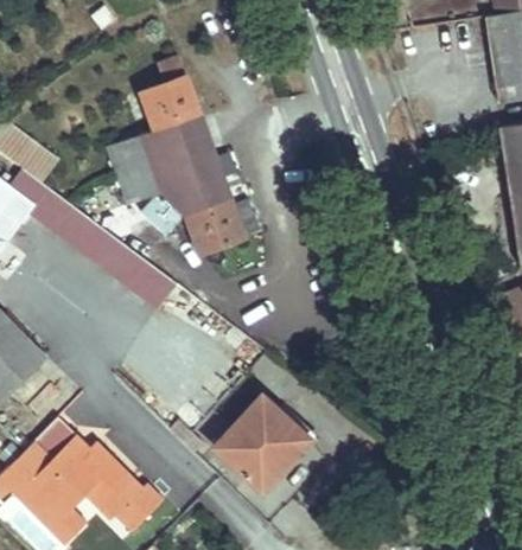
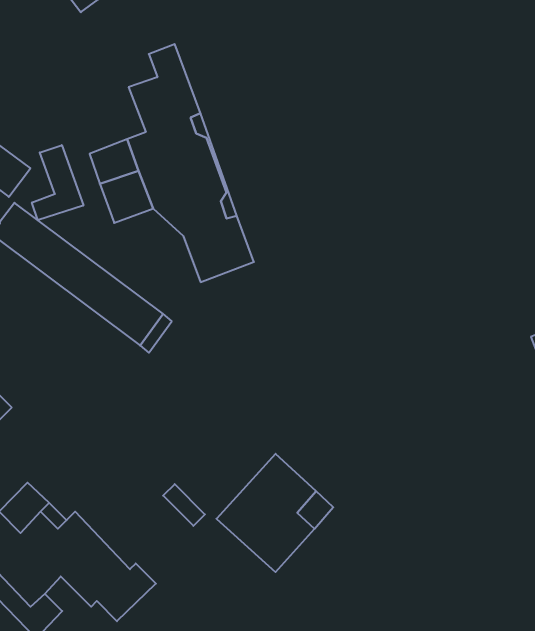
building: none -> [32,145,83,220]

